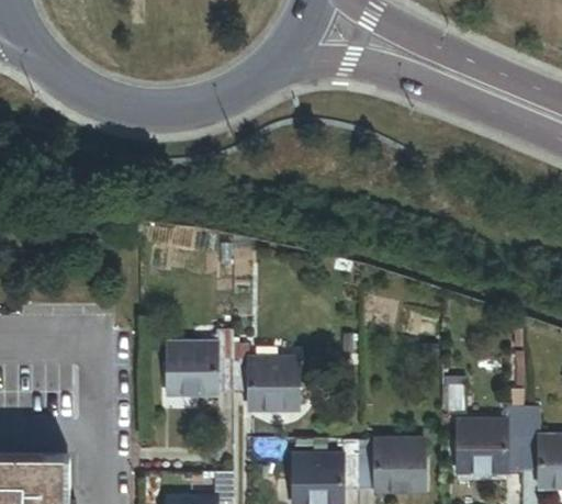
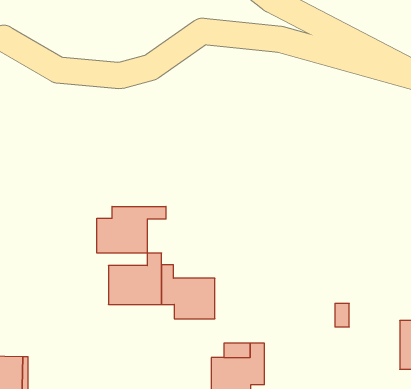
building: none -> [97,206,166,253]
building: [459,412,522,471] -> none
building: [358,439,424,490] -> none

